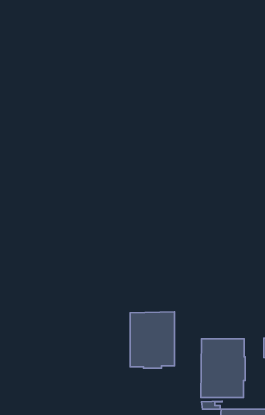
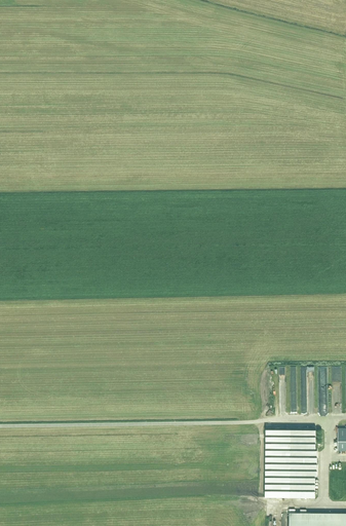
building: [130,312,174,368] -> none

